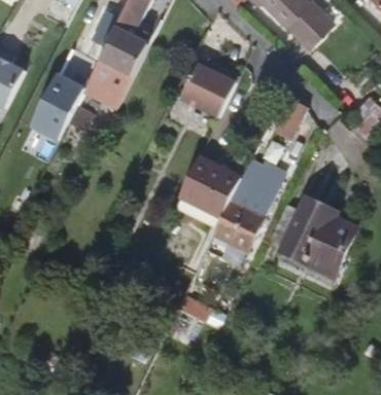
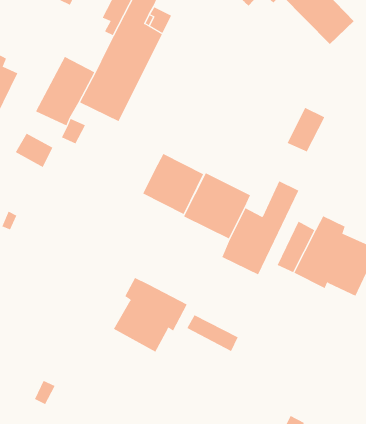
building: [181,62,235,118] -> none
building: none -> [142,153,204,215]
building: none -> [113,277,187,352]

